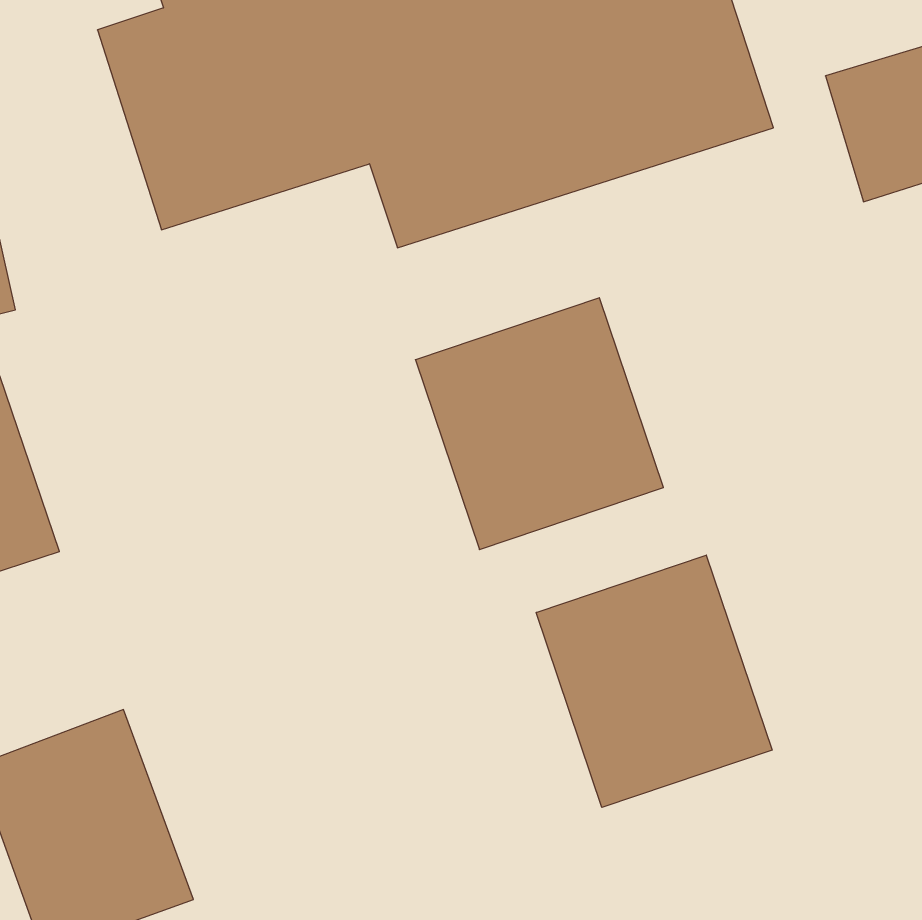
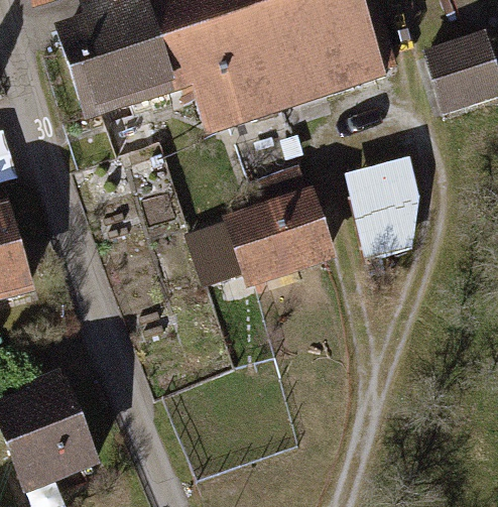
building: none -> [349,150,417,244]
building: [536,555,772,807] -> none

